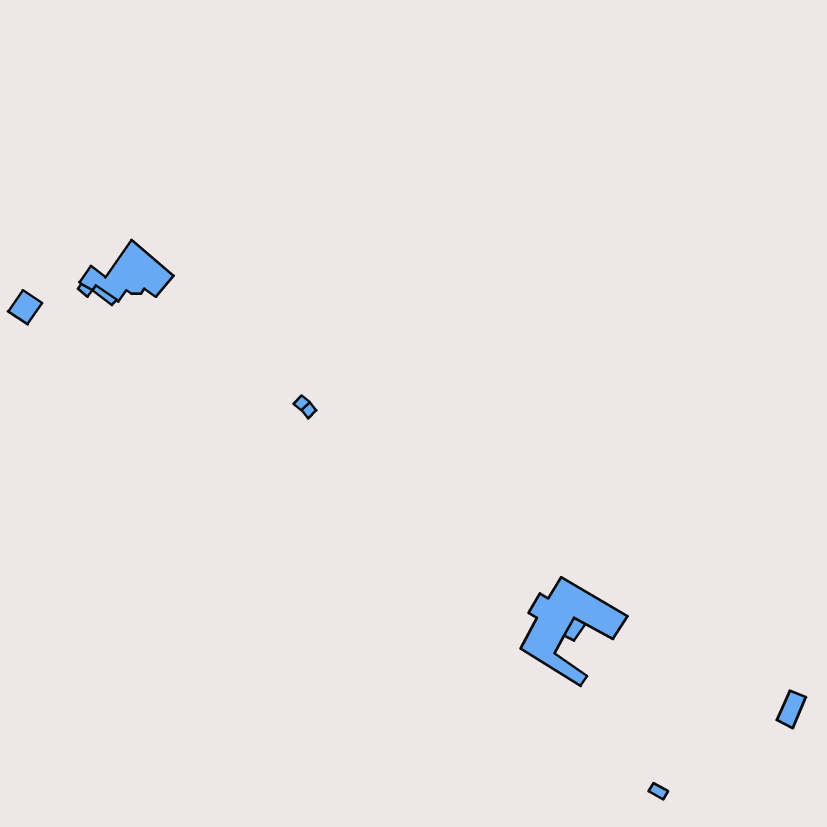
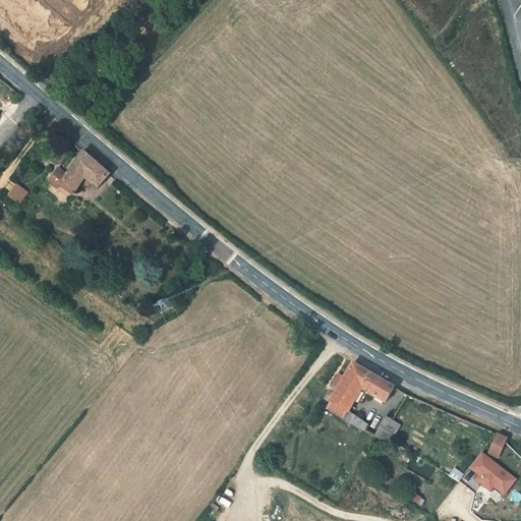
building: none -> [372,415,399,444]
building: none -> [466,451,515,495]

